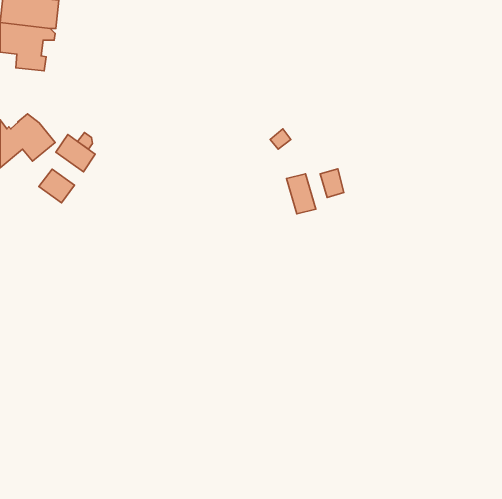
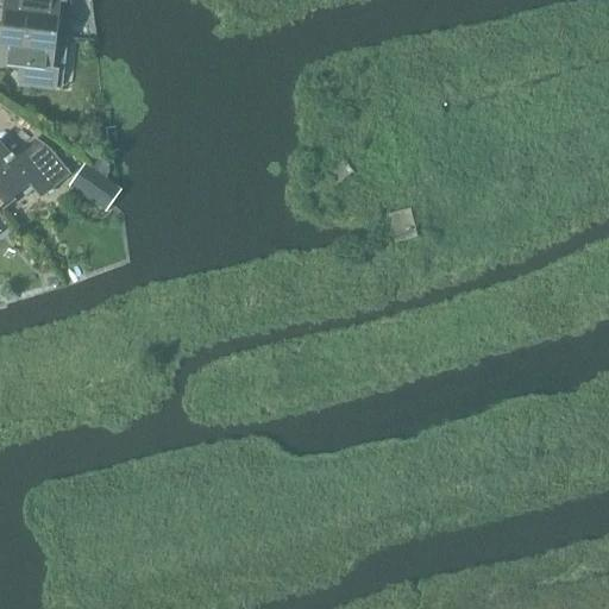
building: [39,169,75,203] -> none
building: [286,174,316,214] -> none

